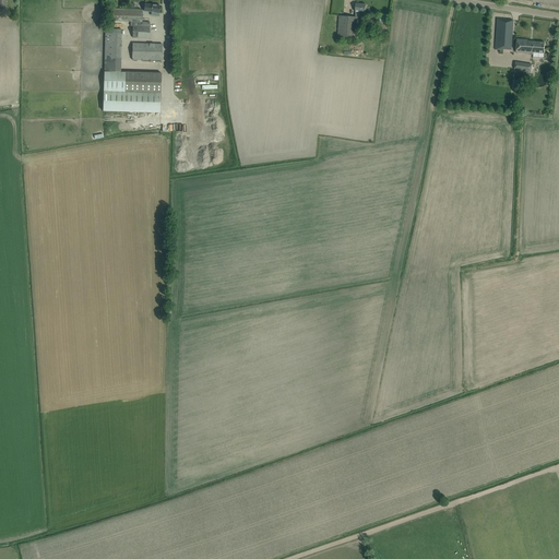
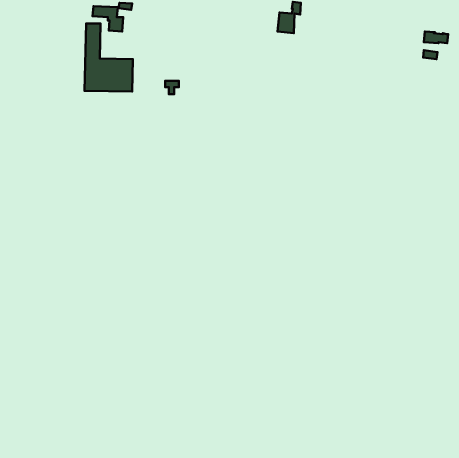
building: [495,17,513,49] -> none
building: [132,43,163,60] -> none

